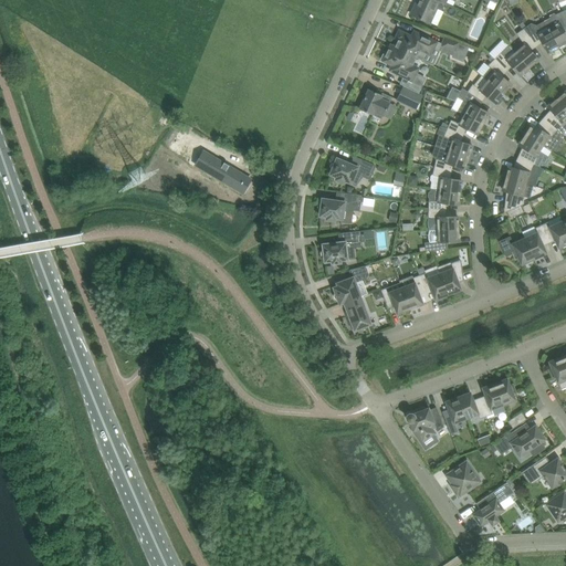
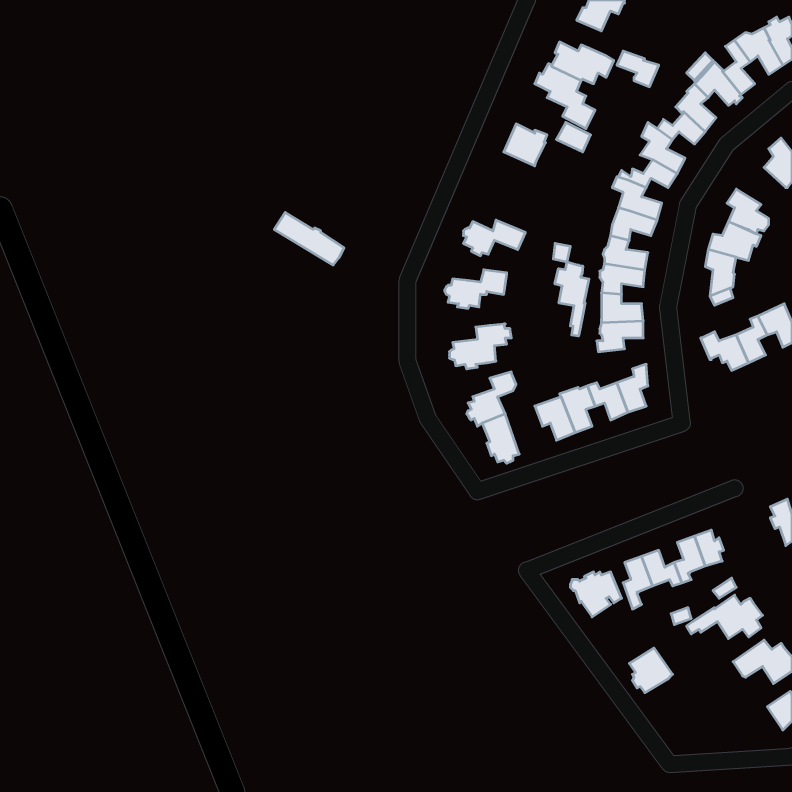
building: [525,119,560,151] -> none
building: none -> [555,262,589,336]
building: [474,483,512,525] -> none

